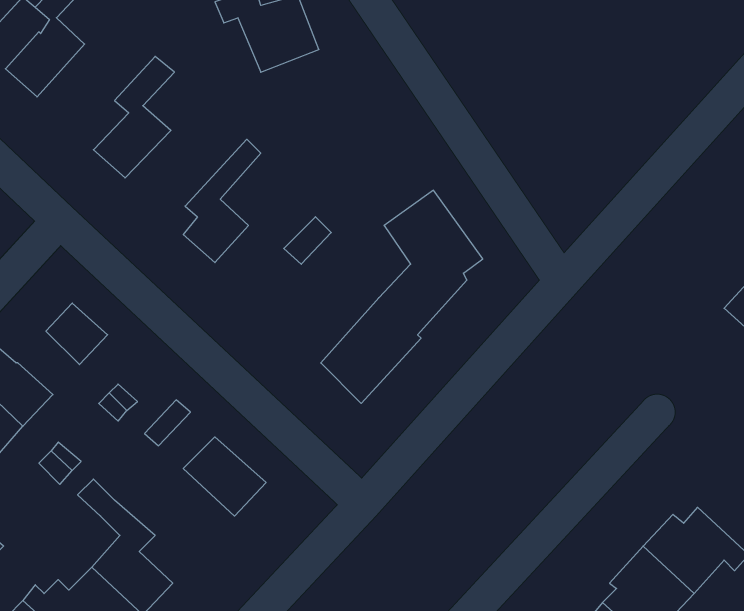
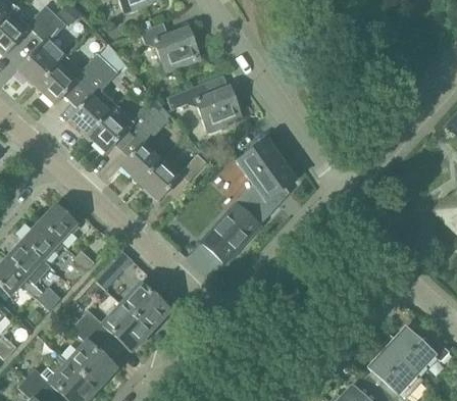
building: none -> [37,55,105,104]
building: none -> [166,83,241,132]
building: none -> [88,103,158,152]
building: none -> [140,161,179,200]
building: none -> [26,222,61,259]
building: none -> [82,302,151,351]

